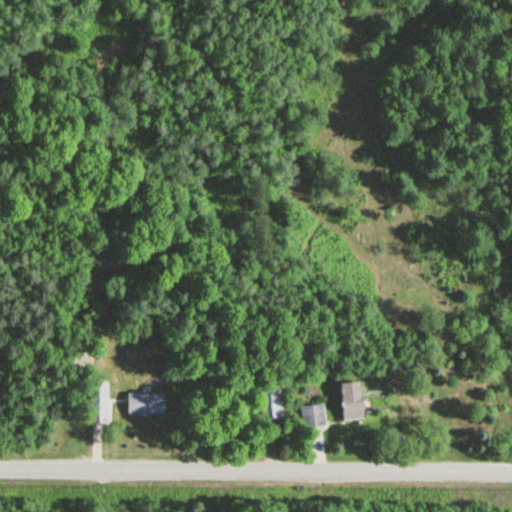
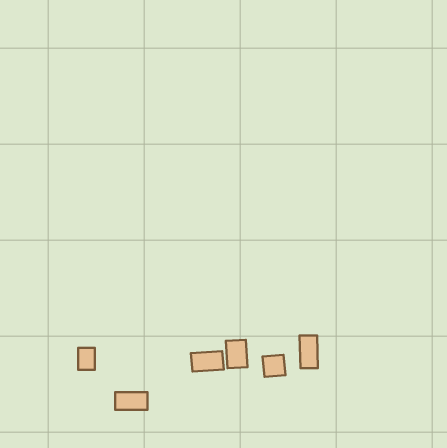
building: [129,393,166,413] -> [115,392,147,410]
building: none -> [191,351,224,372]

